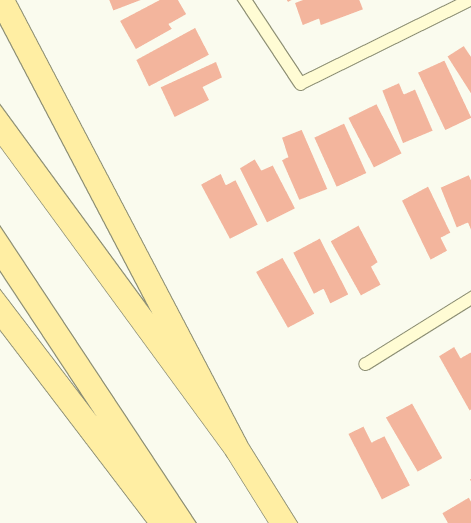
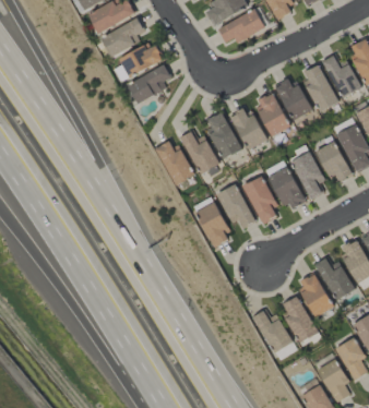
building: none -> [266,165,307,212]
building: none -> [298,273,333,317]

